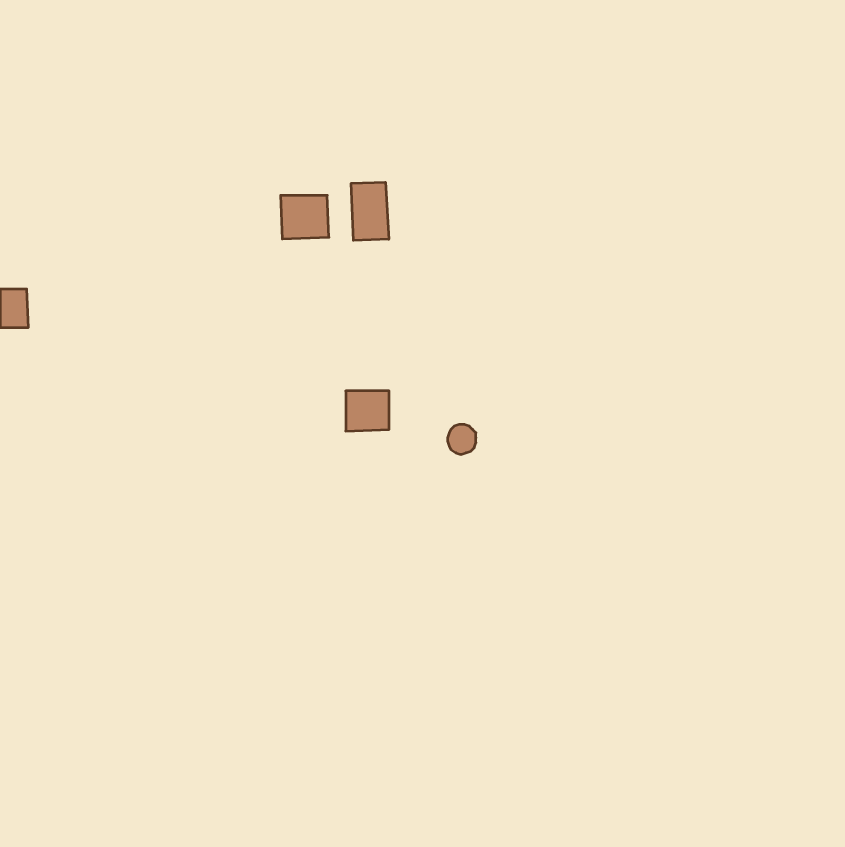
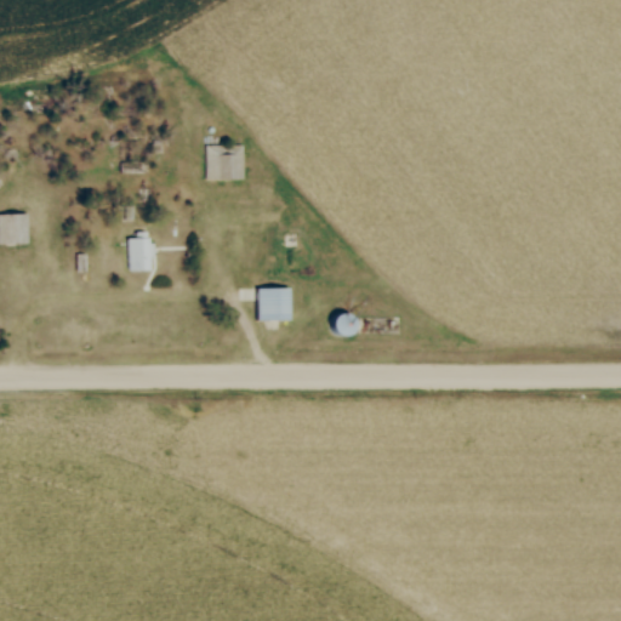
building: [351,182,389,240] -> none
building: none -> [130,240,149,269]

